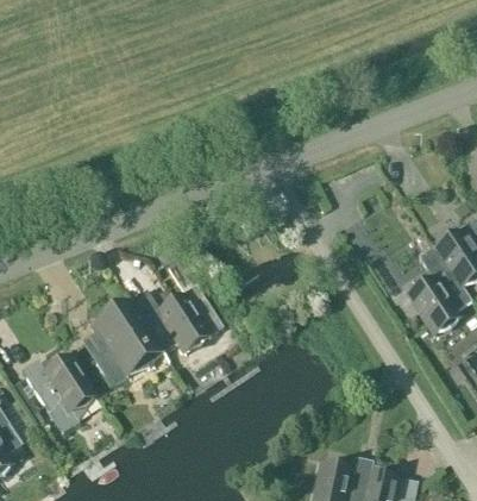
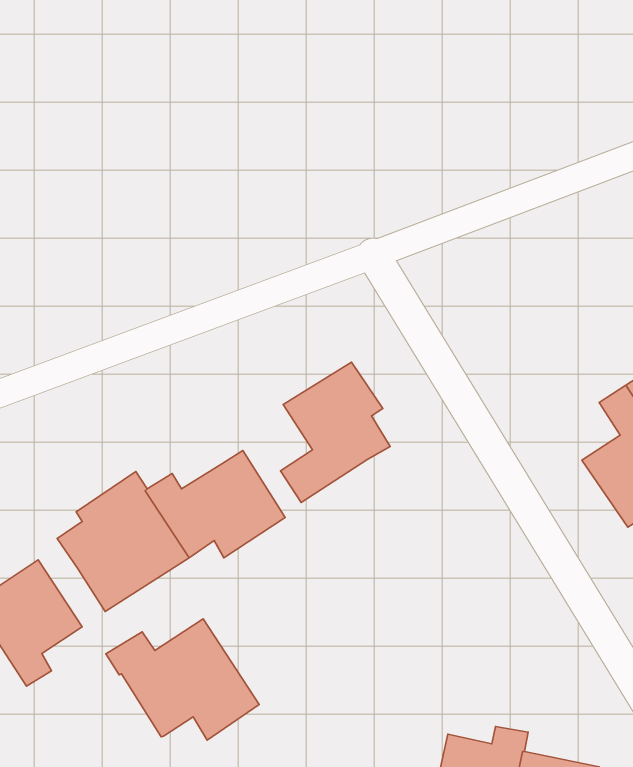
building: none -> [280,362,390,503]
building: none -> [106,619,259,740]

